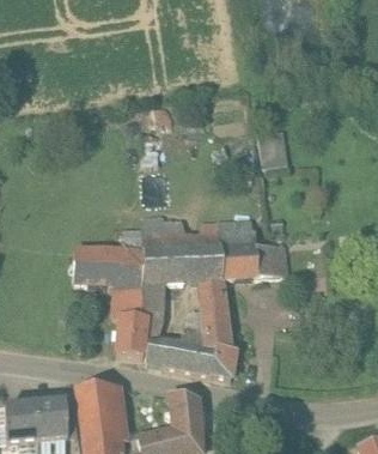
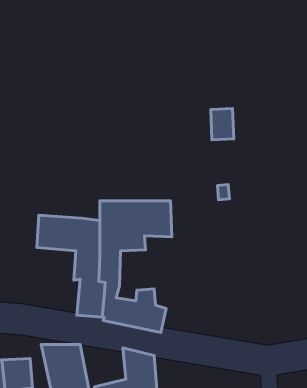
building: [189,229,270,379] -> none

